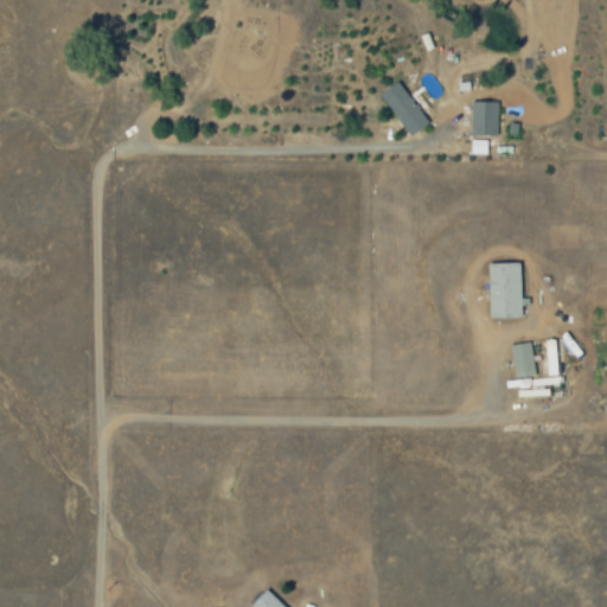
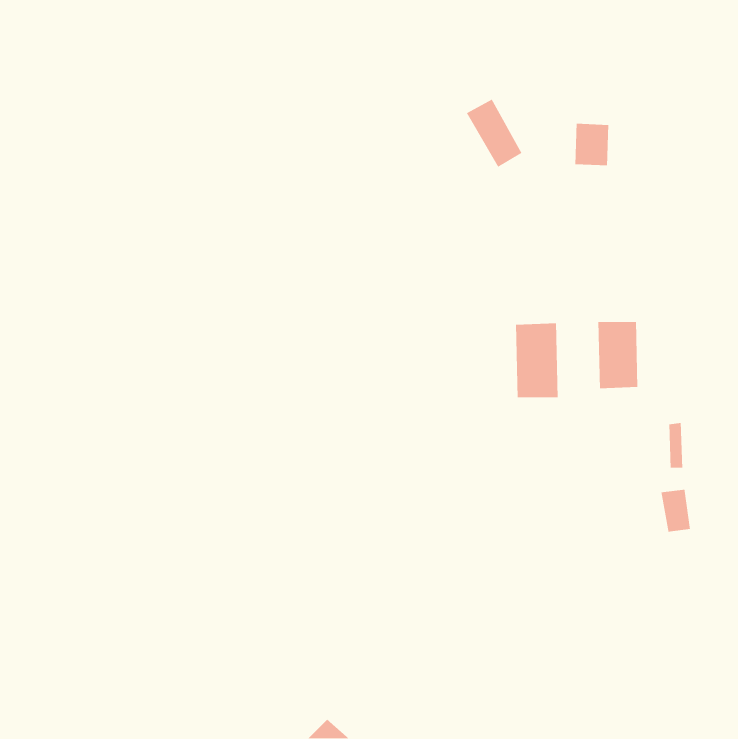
building: none -> [515,322,558,398]
building: [511,343,536,378] -> [661,489,691,532]

